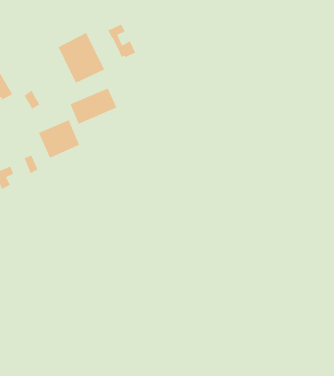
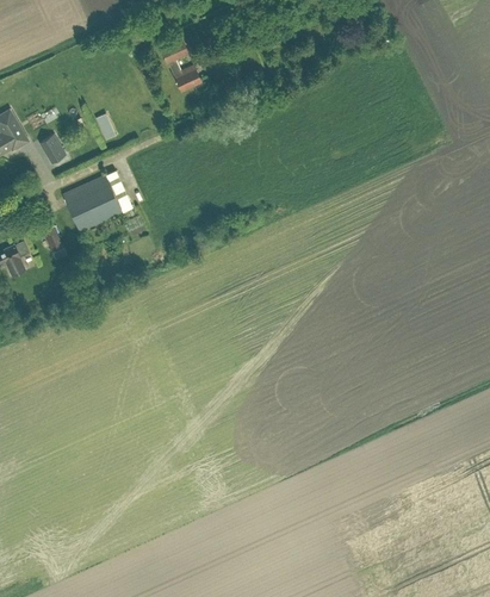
building: [57,32,105,84] -> none
building: [70,87,117,125] -> none

